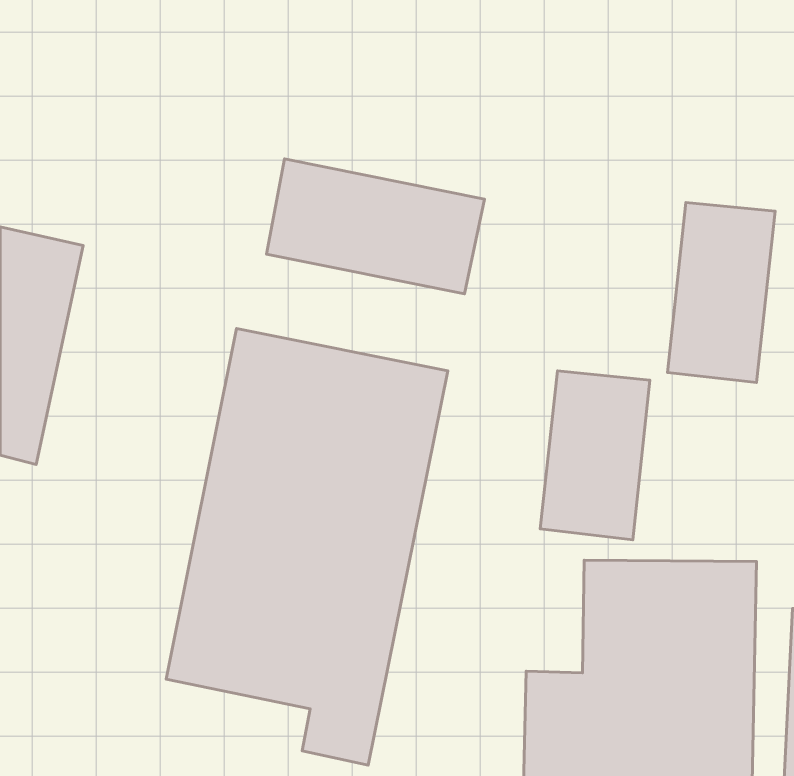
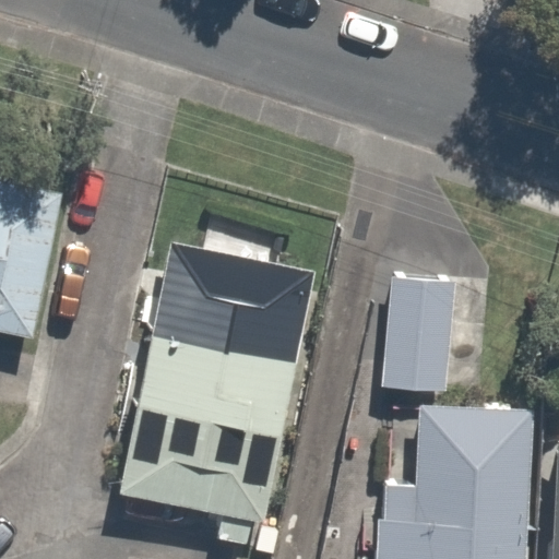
building: [266,159,484,294] -> none
building: [668,203,775,383] -> none

